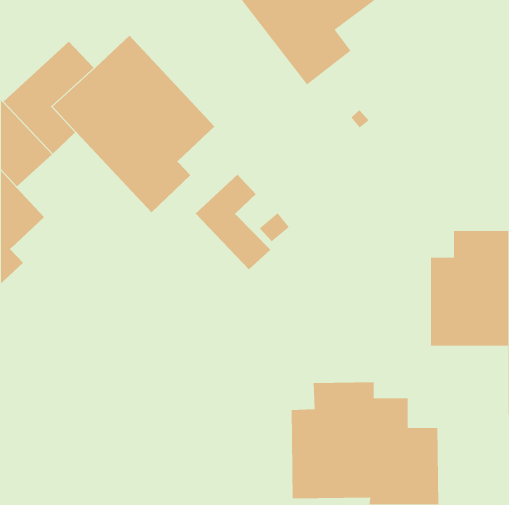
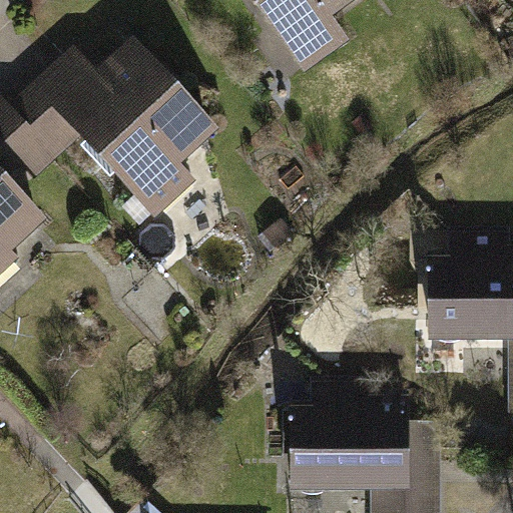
building: [195,174,271,270] -> none

